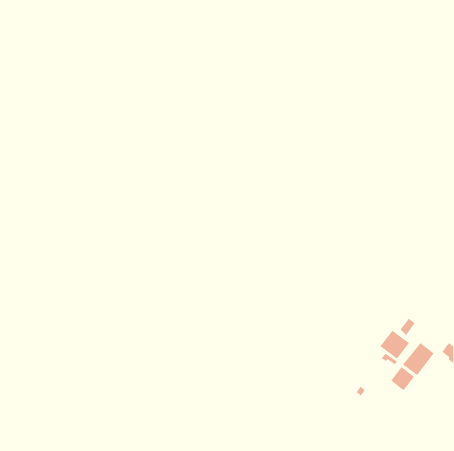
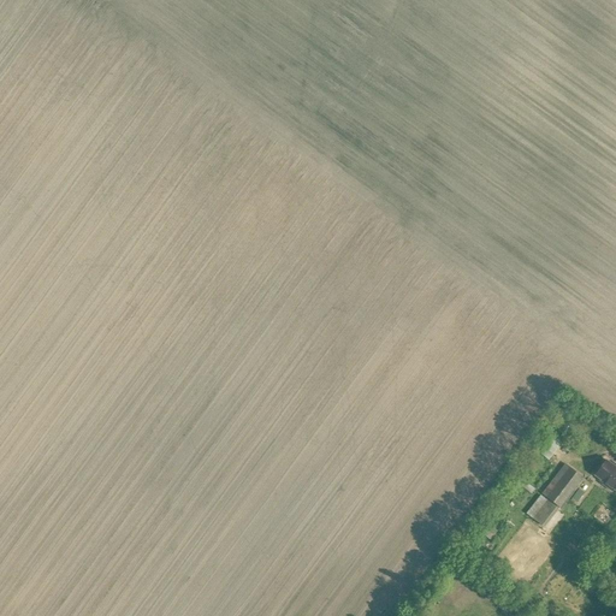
building: [379,330,410,359] -> none

